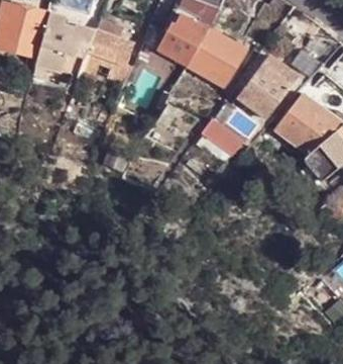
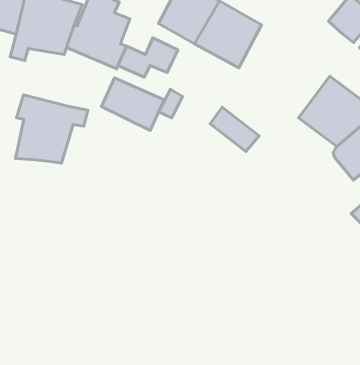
building: [237,55,297,119] -> none
building: none -> [101,78,164,130]
building: none -> [16,95,88,163]

